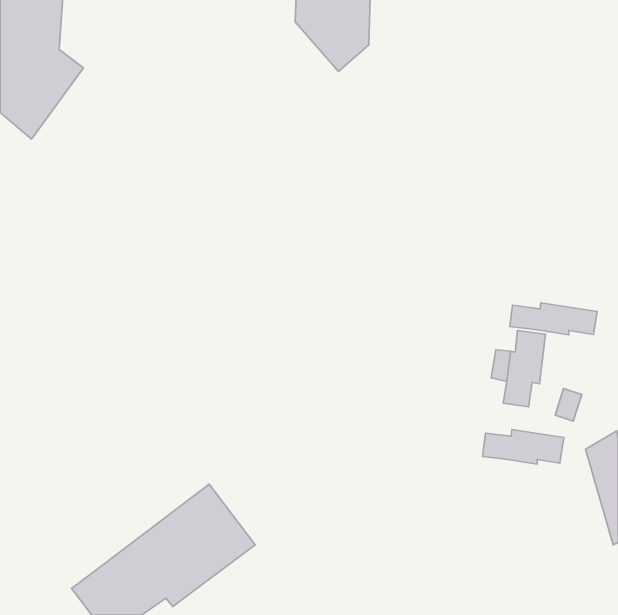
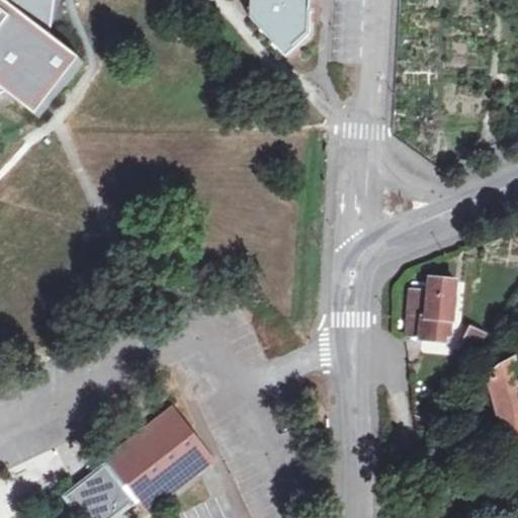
building: [510,303,597,335] -> none
building: [482,430,564,464] -> none

